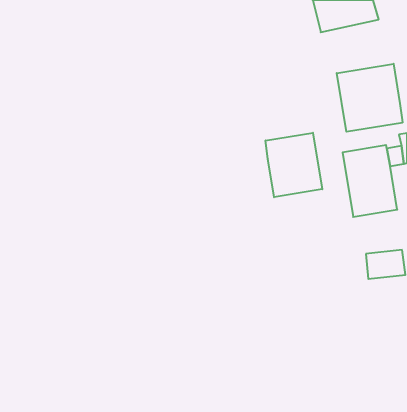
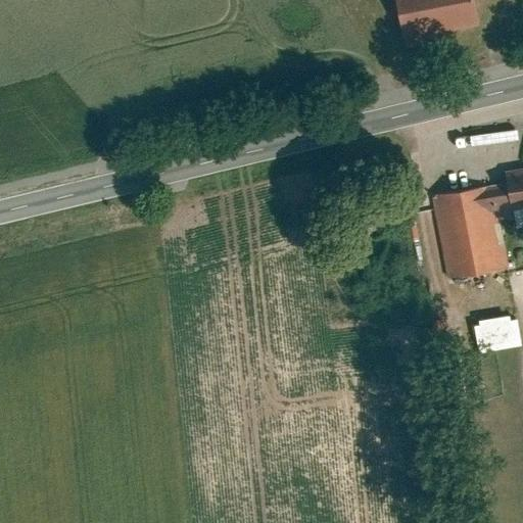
building: [337,64,402,132] -> none
building: [266,133,322,197] -> none

